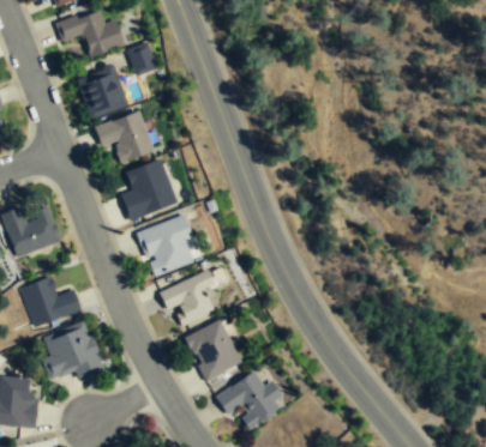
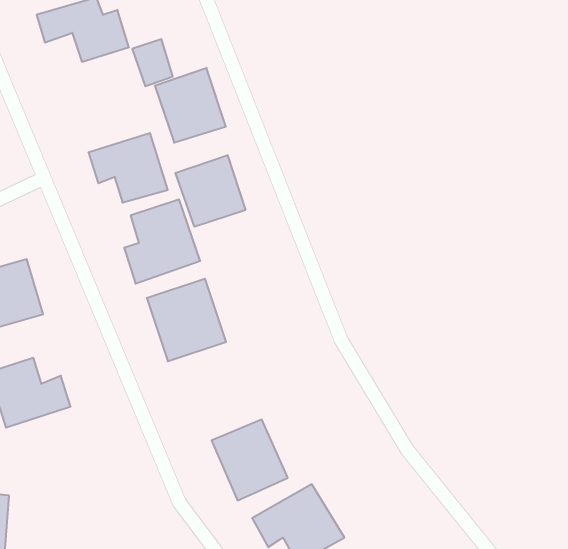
building: [77,62,130,117] -> [155,68,226,143]
building: none -> [176,155,245,227]
building: [160,272,214,325] -> none
building: [38,320,104,377] -> none

